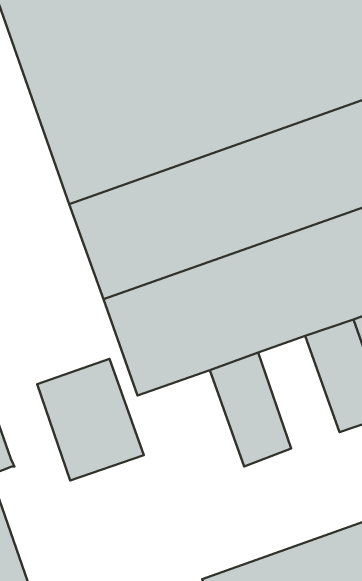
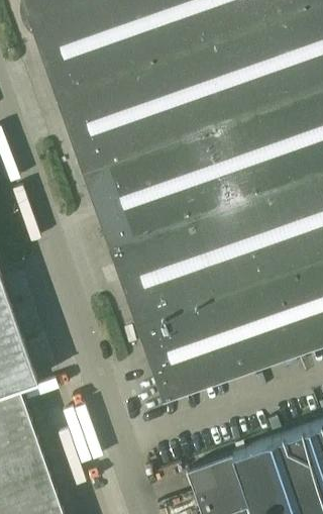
building: none -> [233,279,298,369]
building: [37,359,144,480] -> [137,306,222,403]

